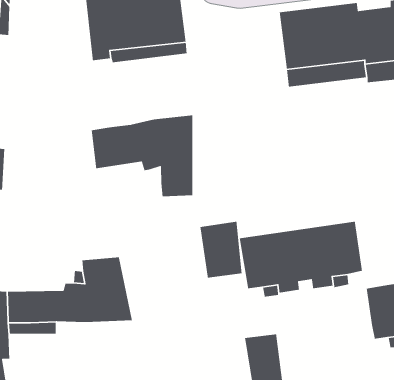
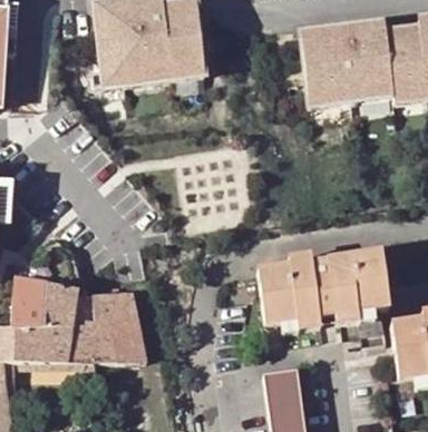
building: [91,114,193,197] -> none
building: [200,221,242,279] -> none
building: none -> [10,276,76,325]

